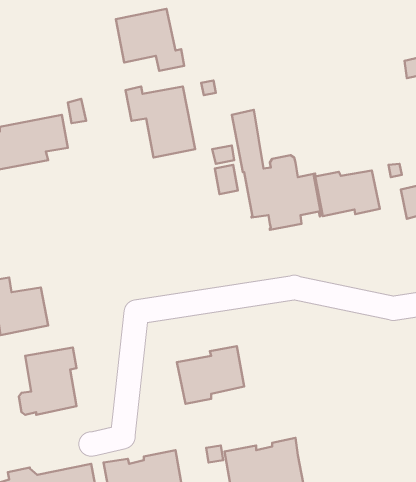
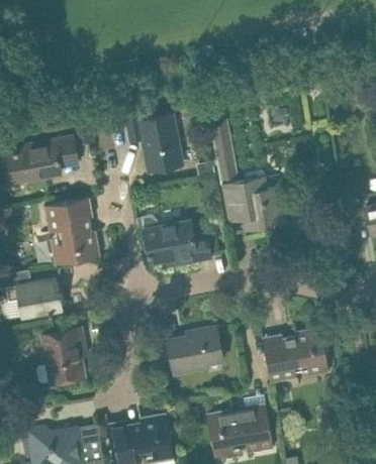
building: [116,9,184,71] -> none
building: [315,171,380,216] -> none
building: none -> [39,199,100,265]
building: none -> [140,216,210,264]
building: none -> [262,328,328,384]

